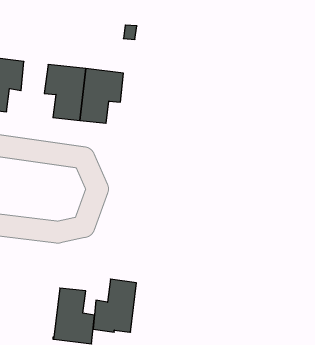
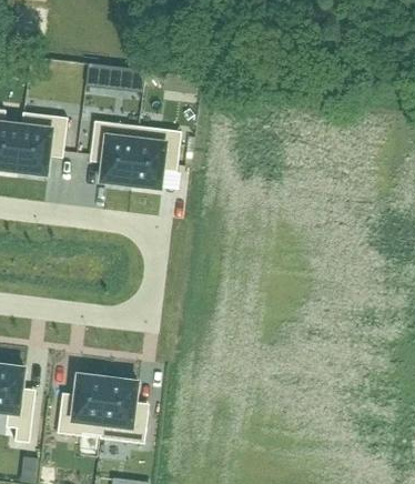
building: none -> [89,63,128,85]
building: [93,279,136,332] -> [57,374,107,435]

